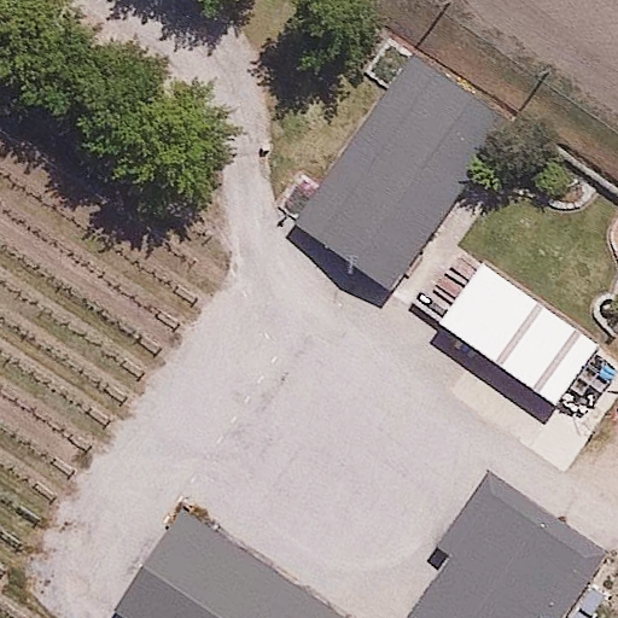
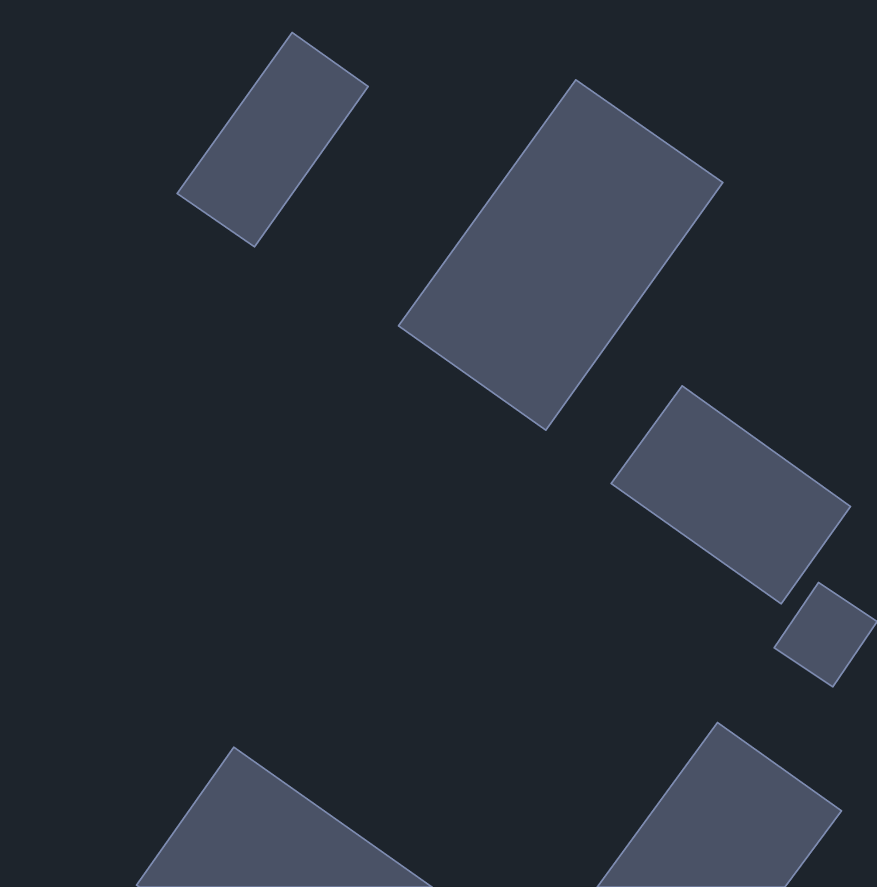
building: none -> [177,32,368,247]

